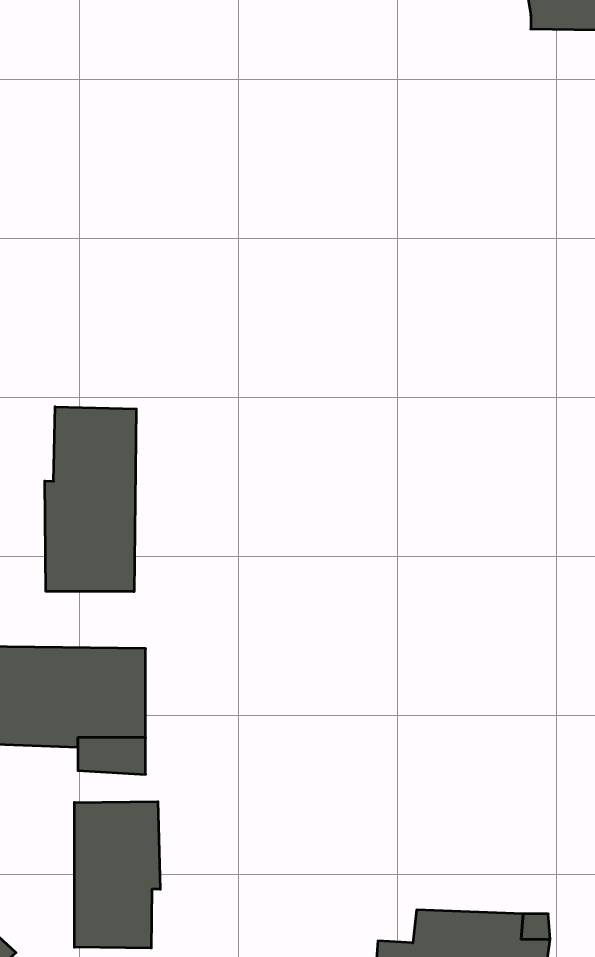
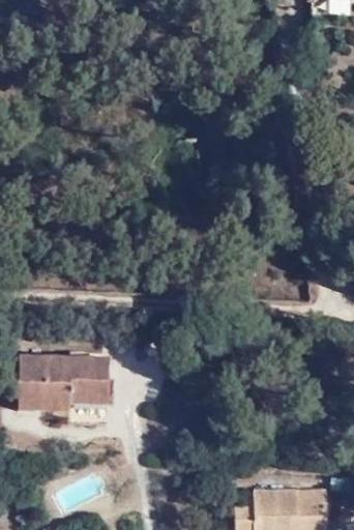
building: [45,407,136,592] -> none
building: [74,802,160,948] -> none

